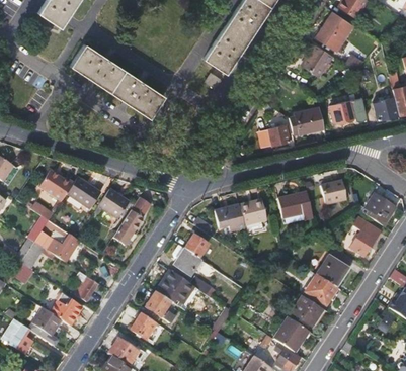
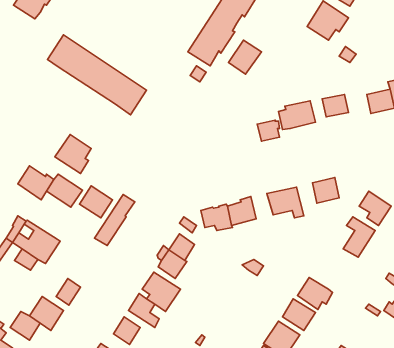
building: [301,43,332,76] -> [229,40,262,74]
building: none -> [55,135,91,173]
building: [317,247,352,286] -> none

